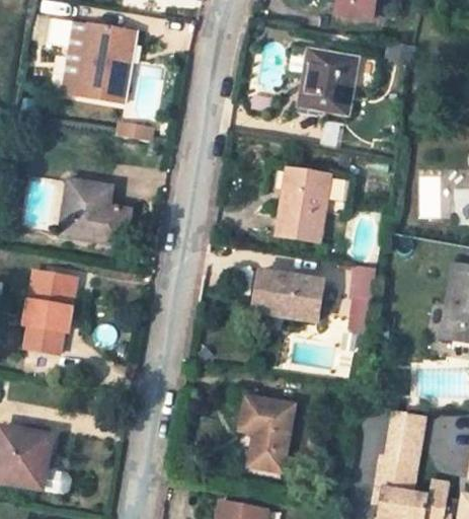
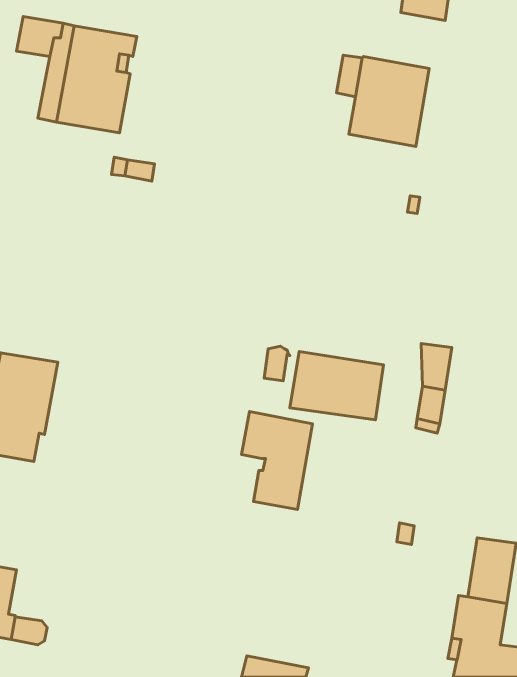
building: [277,169,346,240] -> none
building: [60,180,130,245] -> none
building: [239,395,293,469] -> [241,412,312,509]

